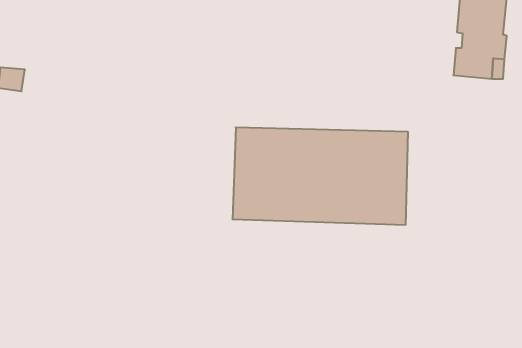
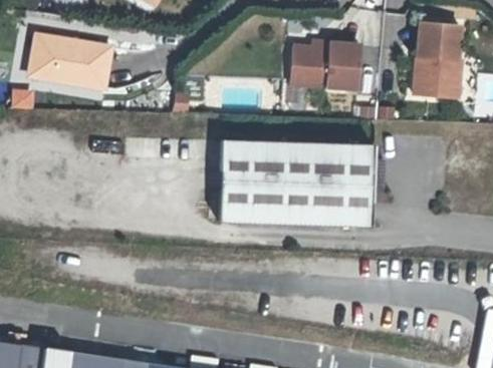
building: none -> [30,37,111,88]
building: none -> [289,42,361,89]

